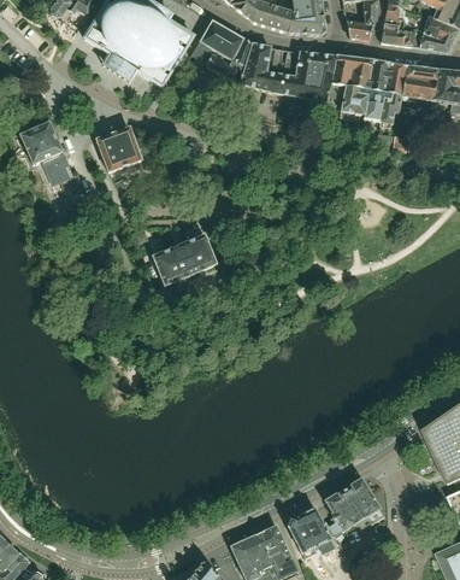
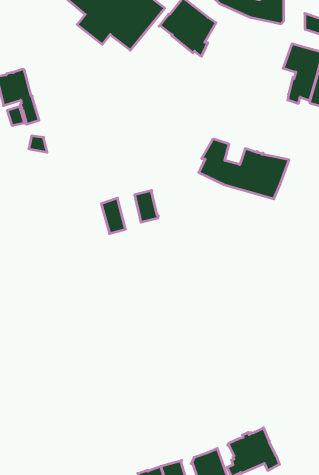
building: [240,43,336,100] -> [199,139,289,199]
building: [95,127,140,171] -> none
building: [169,242,197,281] -> none

